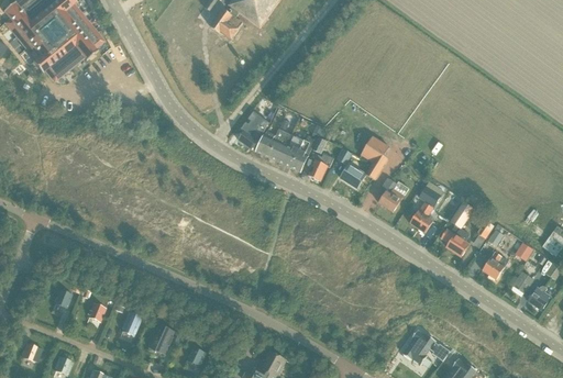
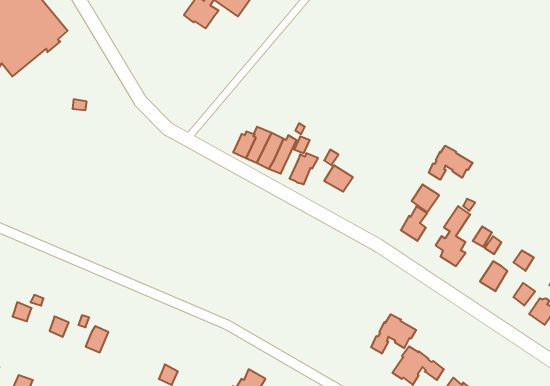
building: [238,111,267,149] -> none
building: [360,136,388,179] -> none
building: none -> [429,146,473,180]
building: [378,177,408,211] -> none
building: none -> [371,314,416,354]
building: [147,323,175,354] -> none

